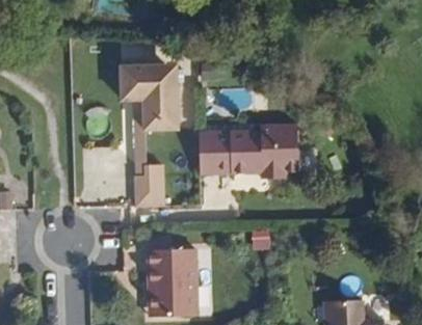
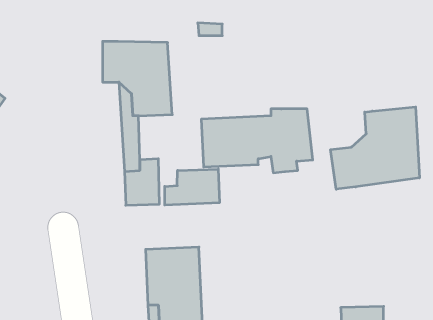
building: none -> [331,107,419,189]
building: none -> [165,169,219,205]

